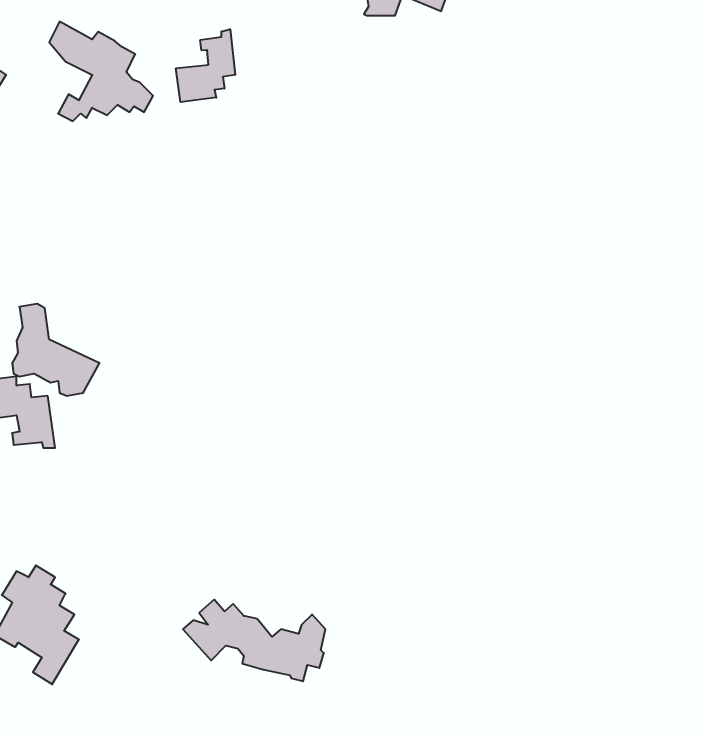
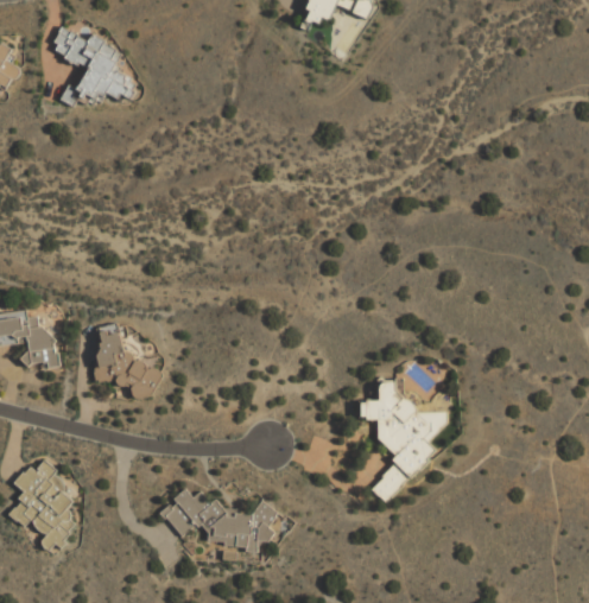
building: [176,29,235,102] -> none
building: [12,304,100,396] -> [93,324,163,398]
building: none -> [360,381,445,502]

